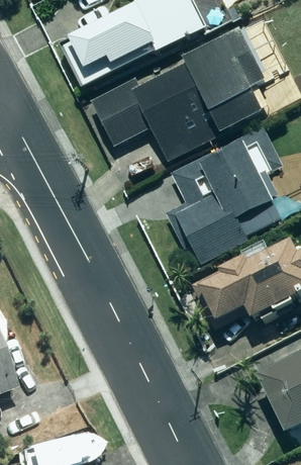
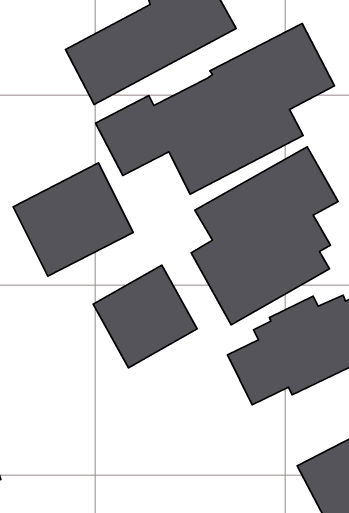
building: none -> [13,163,133,276]
building: none -> [93,265,197,368]

